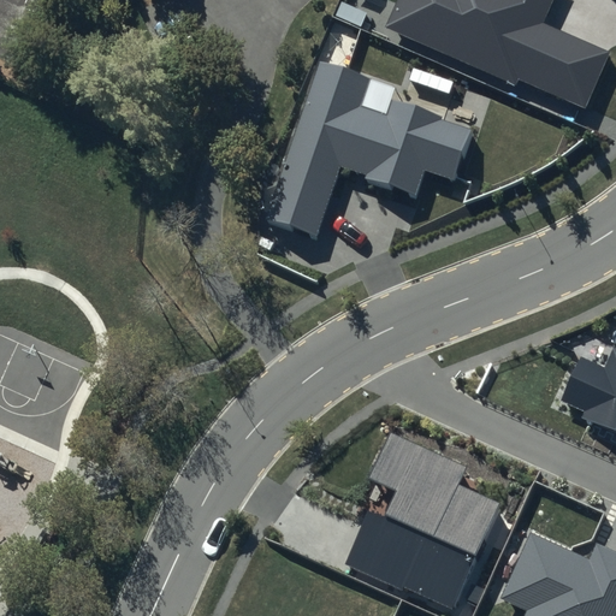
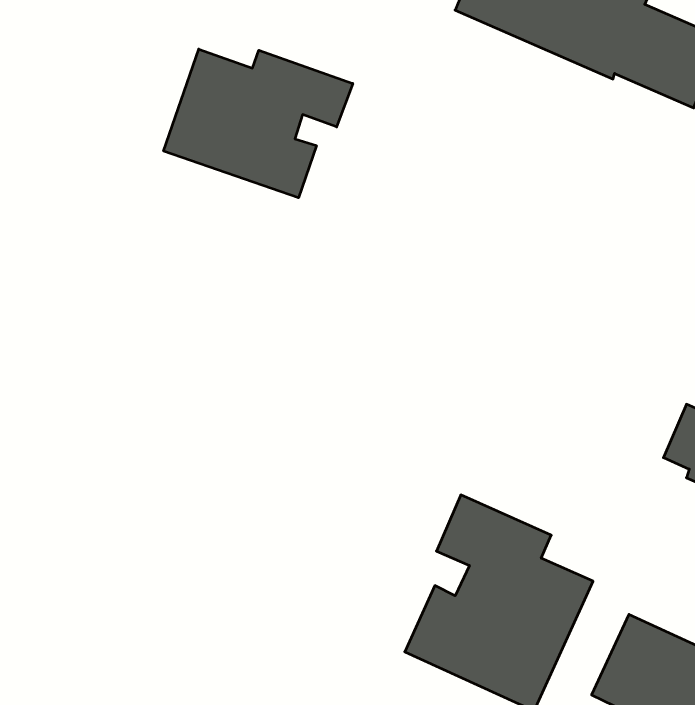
building: none -> [164,49,353,198]
building: [263,61,473,238] -> none

